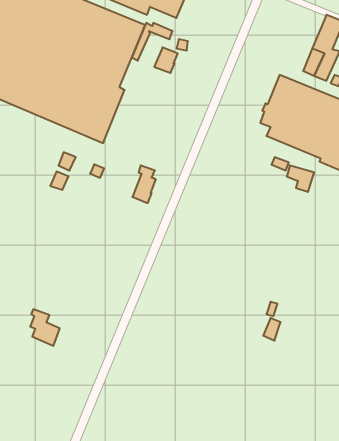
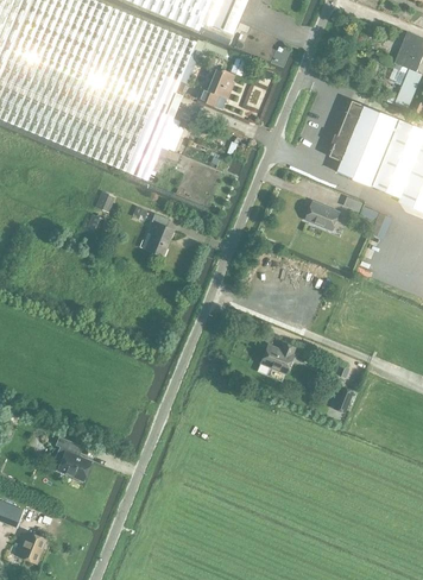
building: none -> [305,201,340,229]
building: [132,165,156,203] -> [145,213,172,257]
building: none -> [260,342,293,372]
building: [30,309,60,346] -> [56,437,90,480]

